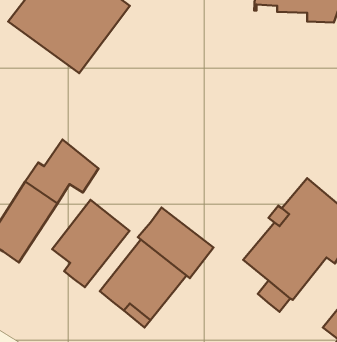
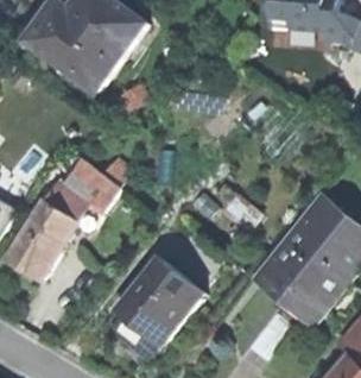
building: [52,200,130,287] -> none
building: [138,207,213,278] -> none

